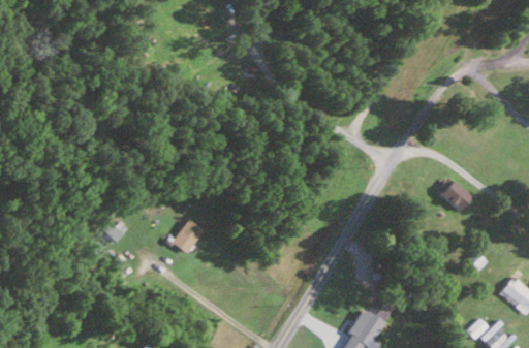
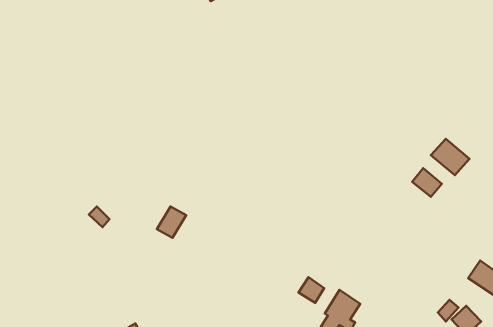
building: none -> [431,139,470,175]
building: none -> [299,277,324,303]

